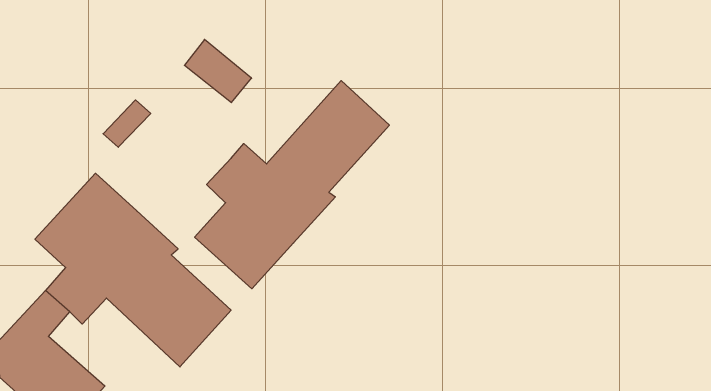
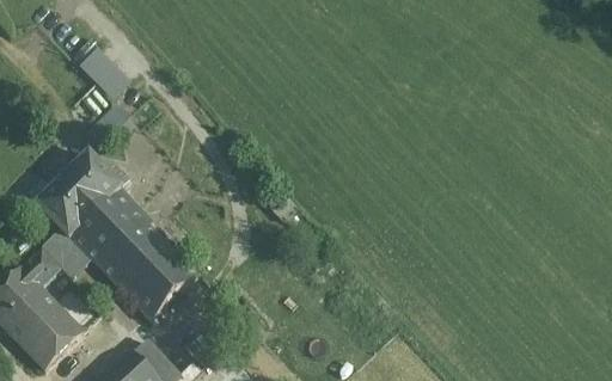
building: [184,39,252,103] -> [75,44,130,98]
building: [195,81,389,289] -> none

